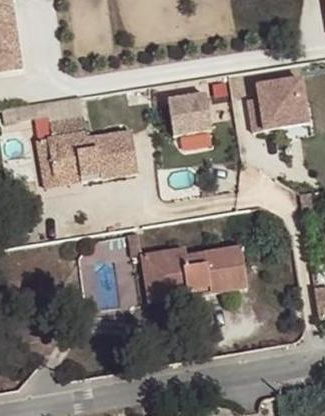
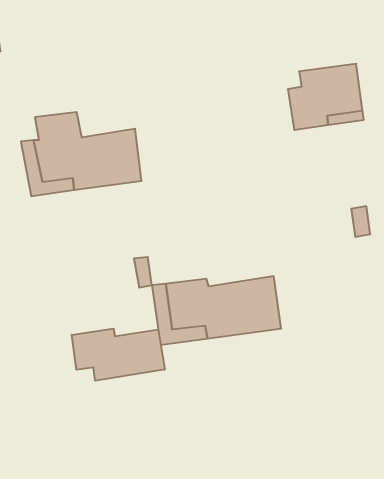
building: [168,94,212,136] -> none
building: none -> [72,329,165,381]

